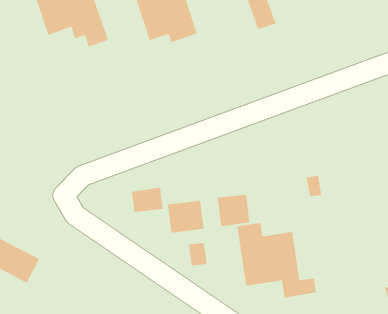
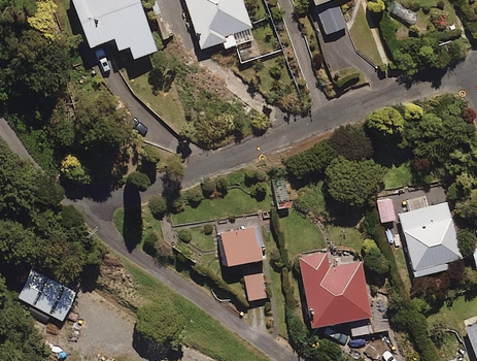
building: none -> [400,194,462,275]
building: [131,187,163,213] -> none
building: [217,194,250,227] -> none

